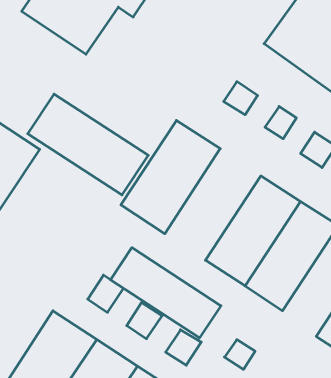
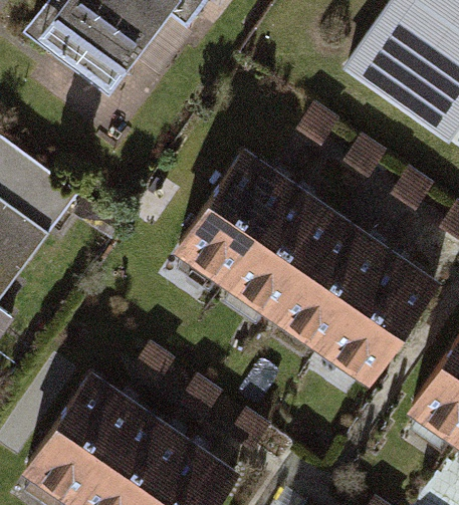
building: [28,94,148,195] -> none
building: none -> [227,189,343,324]
building: [110,248,221,338] -> none

